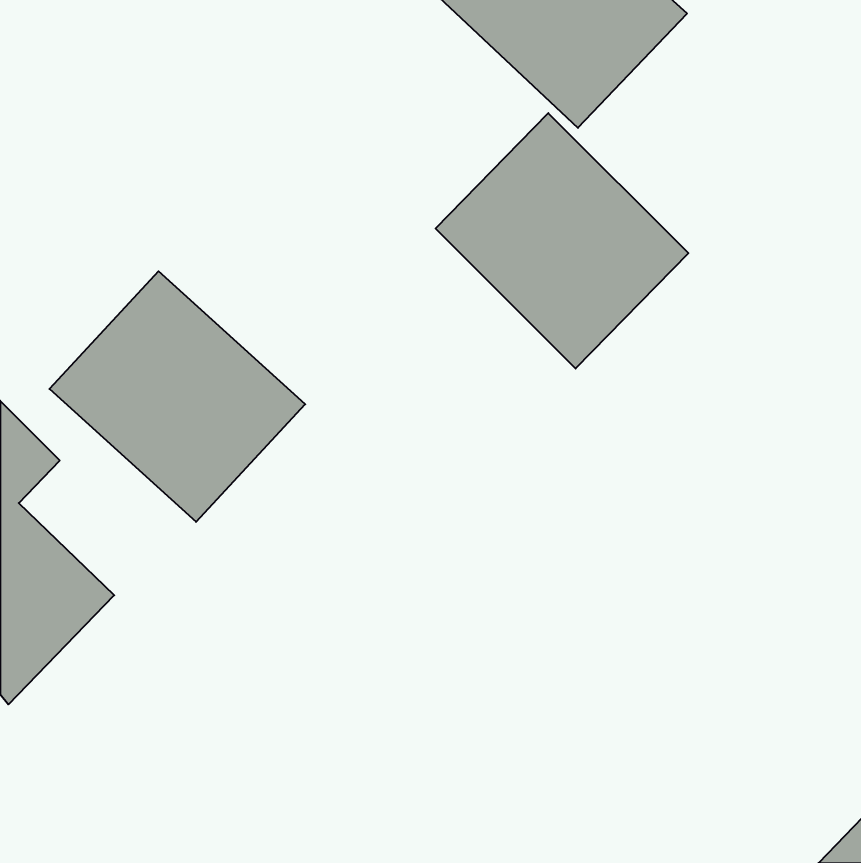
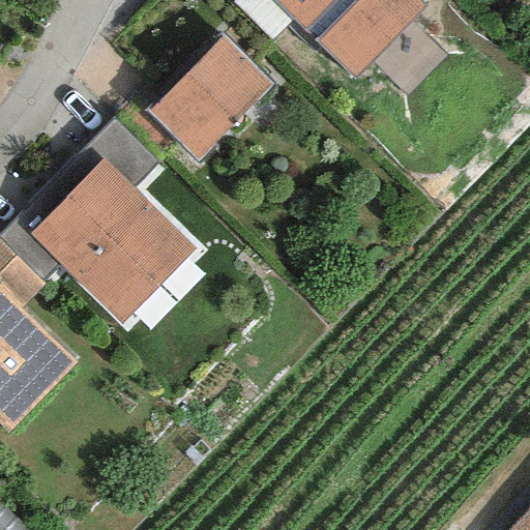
building: none -> [149,35,270,156]
building: [436,113,688,369] -> none

